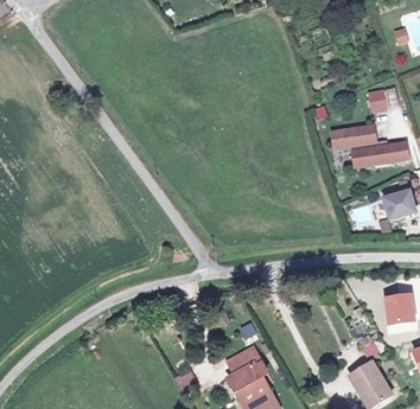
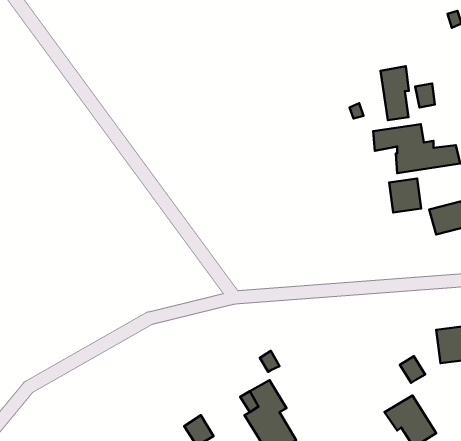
building: none -> [381,66,409,120]
building: none -> [389,178,421,213]

